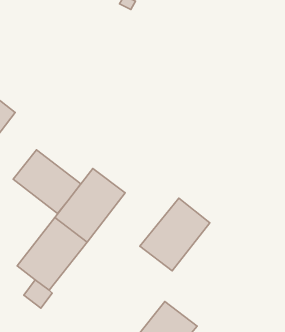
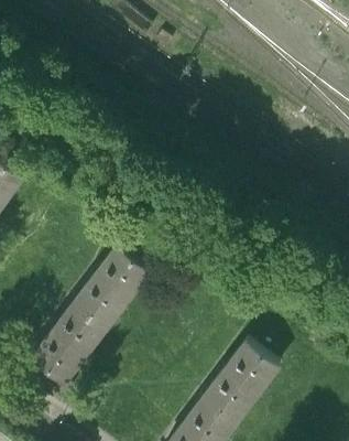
building: [13,150,81,213] -> none
building: [140,198,210,271] -> [199,343,281,428]

